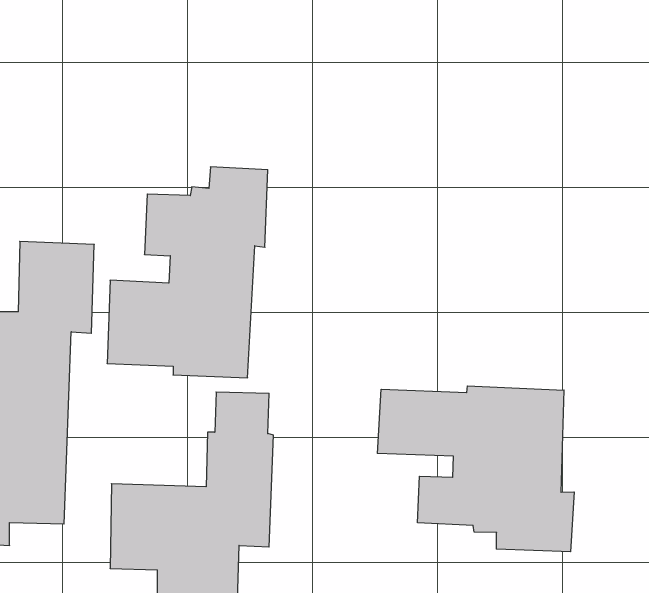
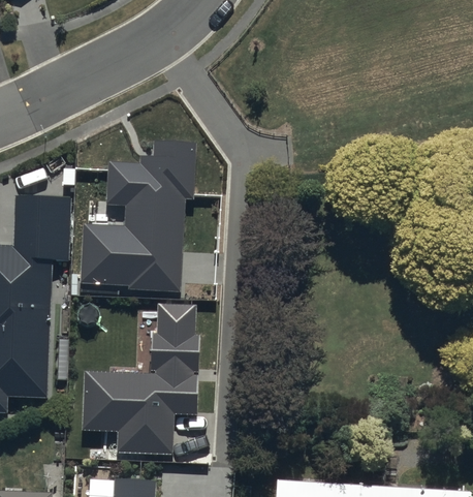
building: [377,386,574,552] -> none

